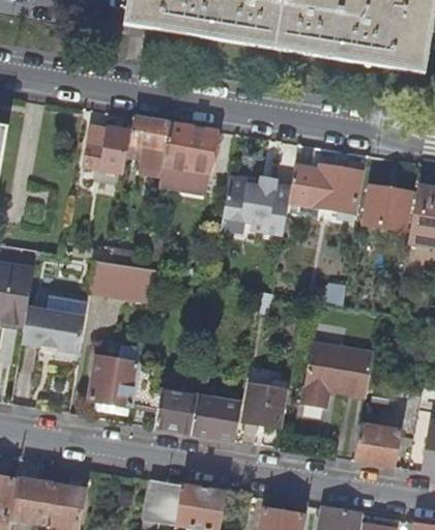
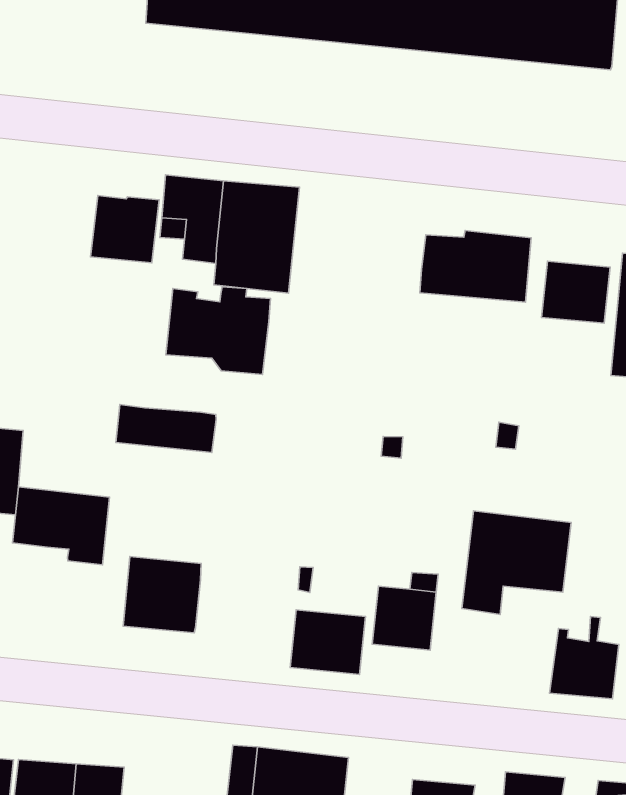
building: [223,177,291,235] -> [166,287,270,375]
building: [134,374,198,433] -> none

